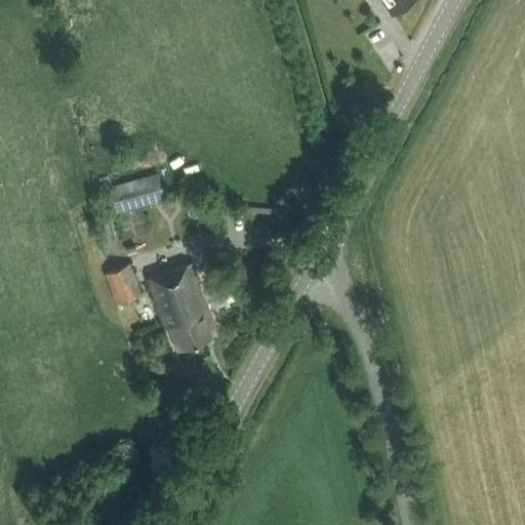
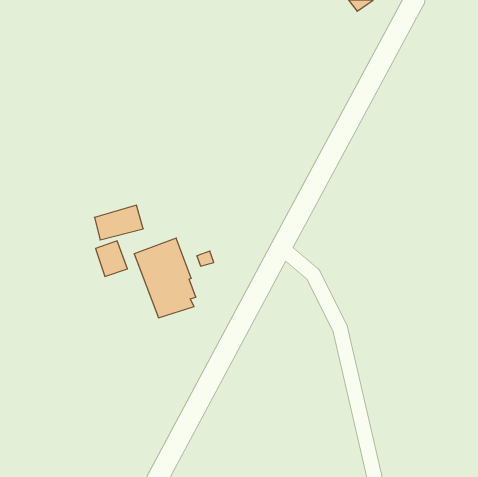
building: [110,174,163,212] -> [94,205,143,240]

